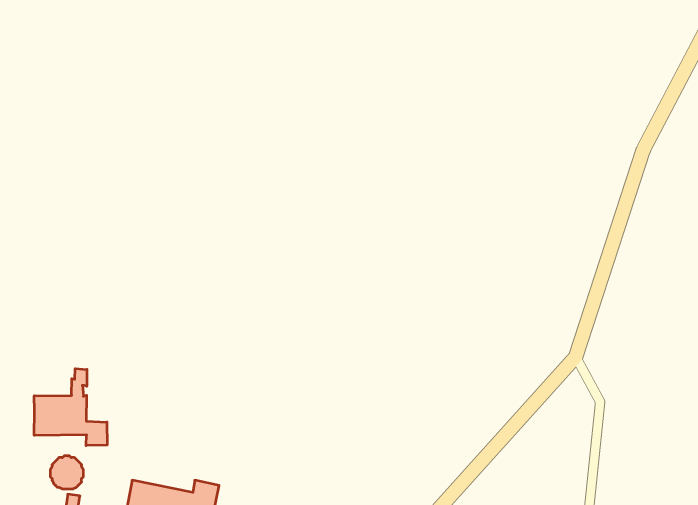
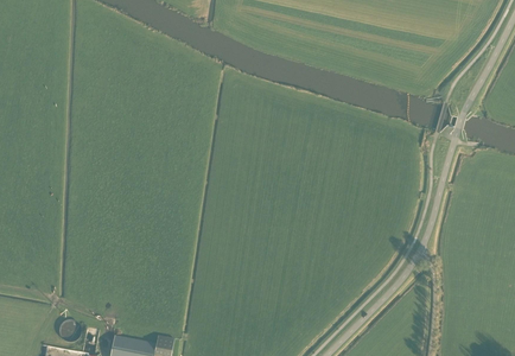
building: [34,369,107,446] -> none

